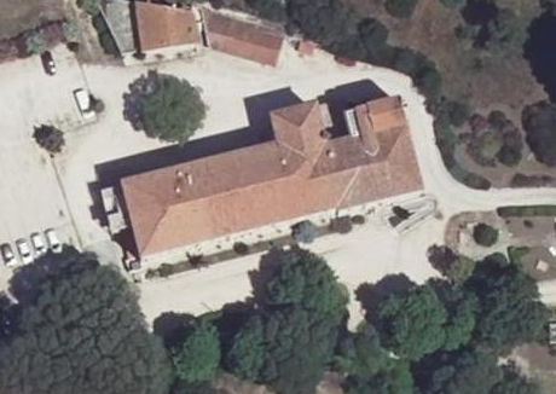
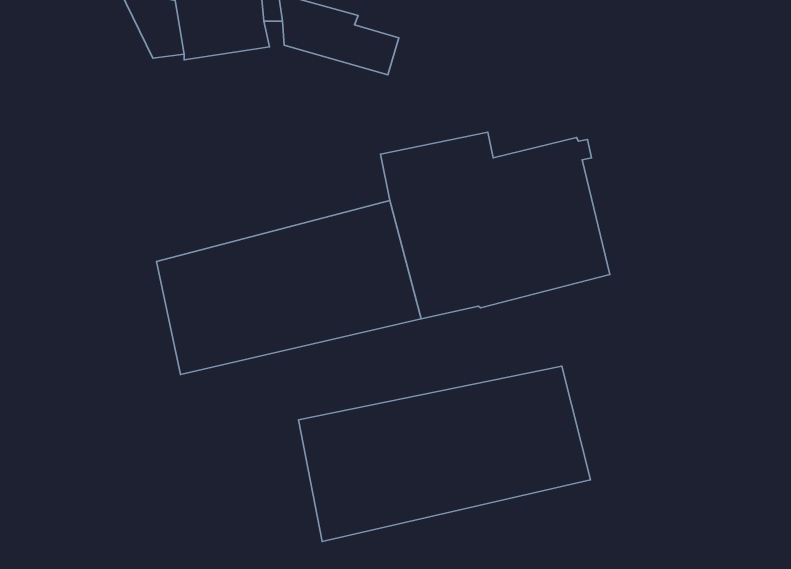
building: none -> [299,366,590,542]

